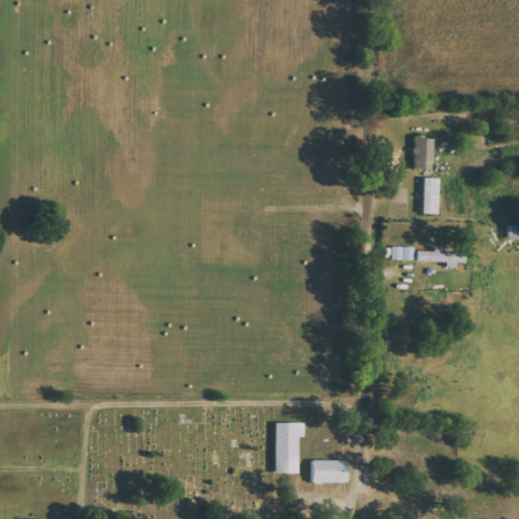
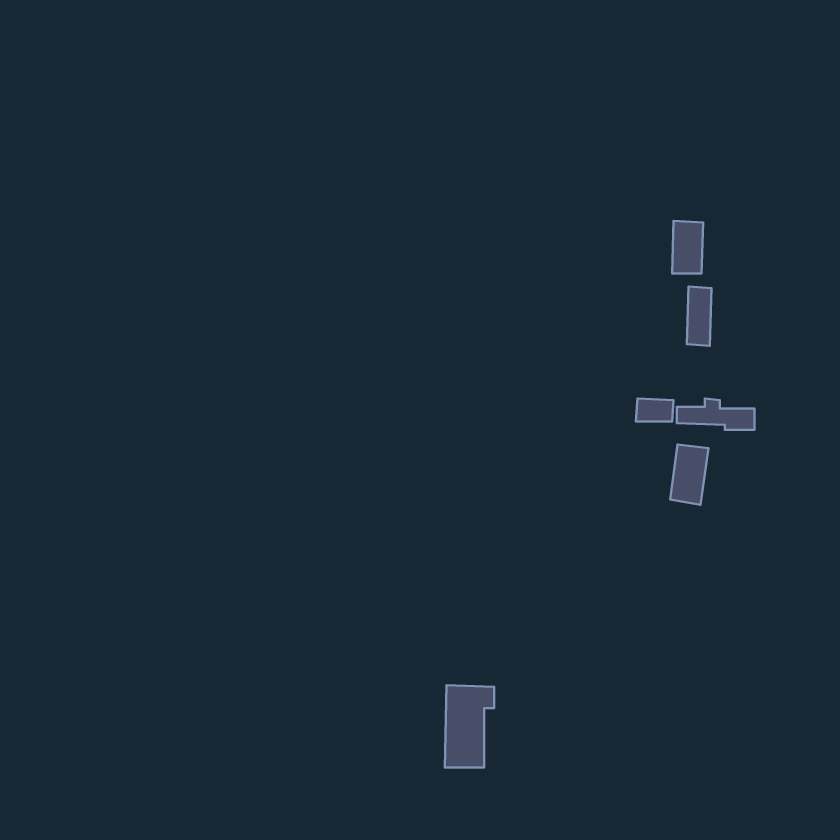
building: none -> [670,445,708,505]
building: [311,459,348,483] -> none

